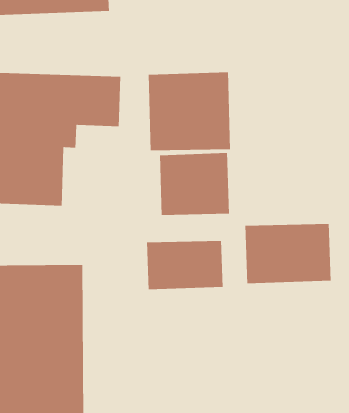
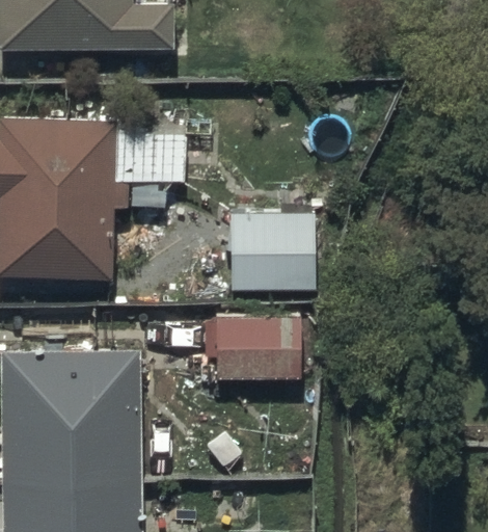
building: [148,72,231,151] -> none
building: [245,223,331,284] -> none

